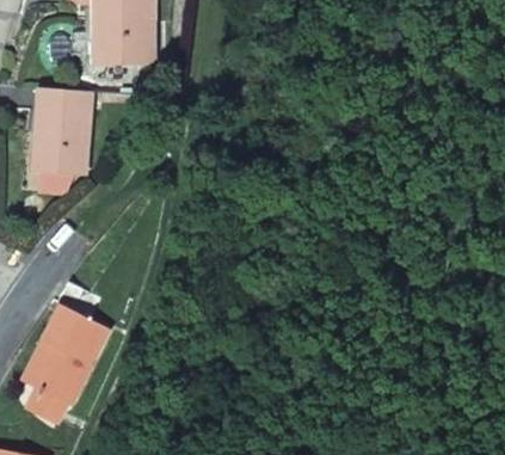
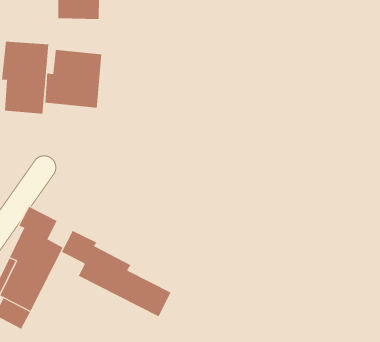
building: none -> [45,49,102,108]
building: none -> [61,230,171,317]

